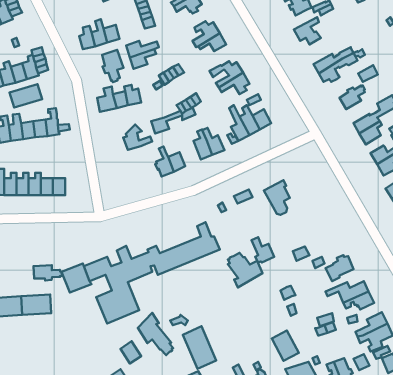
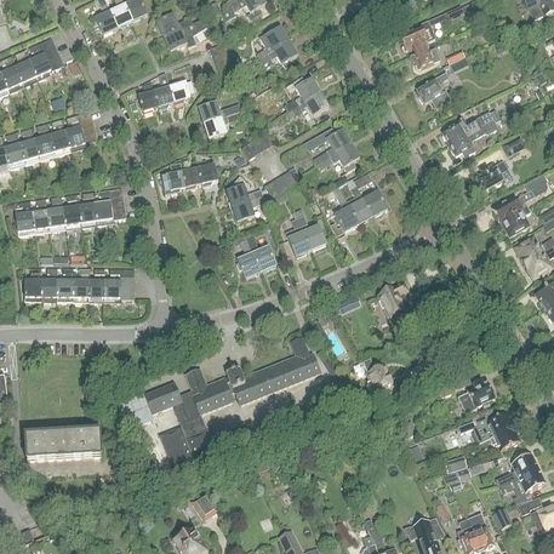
building: [102,50,123,82] -> none
building: [10,84,42,107] -> none
building: [123,124,152,150] -> [225,172,263,205]
building: [228,253,262,287] -> none
building: [34,265,62,280] -> none
building: [138,313,173,355] -> none
building: [183,326,216,369] -> none
building: [272,330,299,361] -> none

